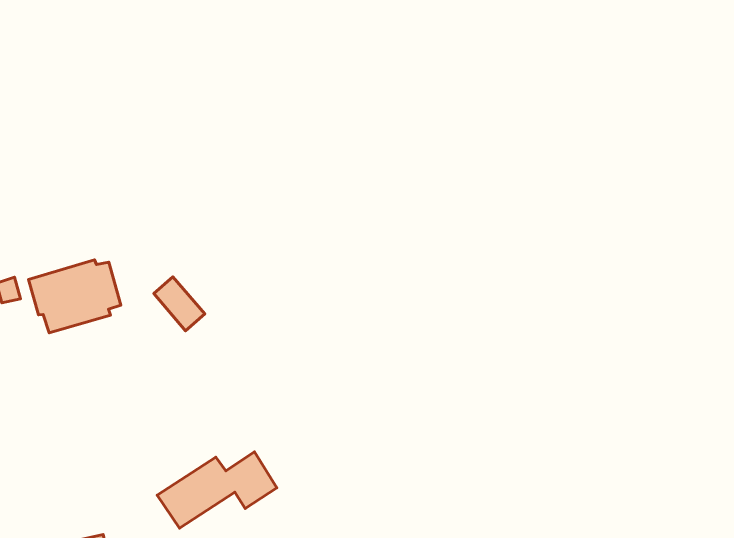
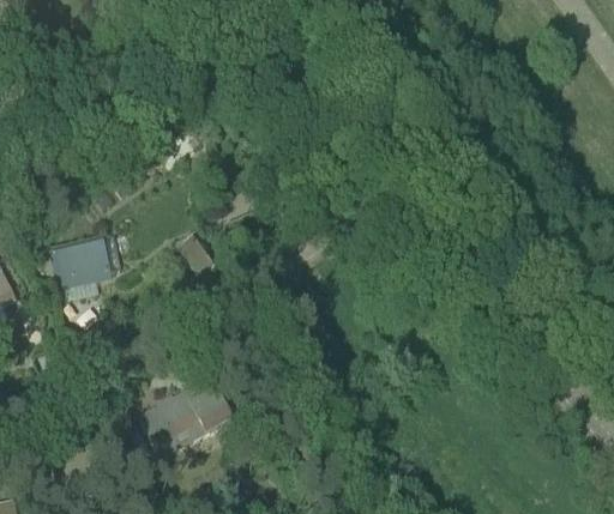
building: [154,277,205,331] -> [177,237,216,279]

